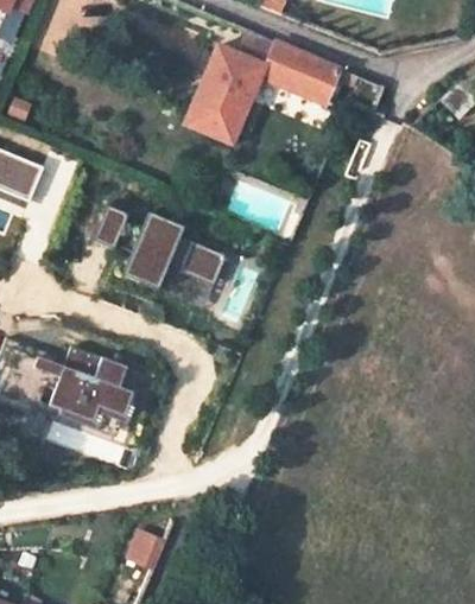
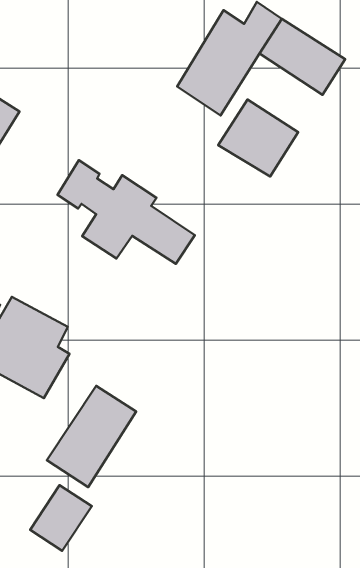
building: none -> [218,99,298,177]
building: none -> [47,386,136,487]

